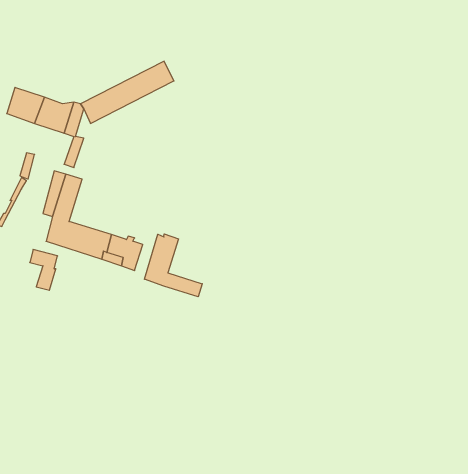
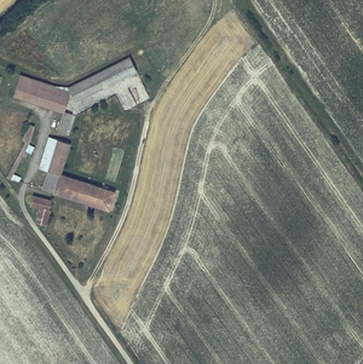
building: [144,234,202,297] -> none

